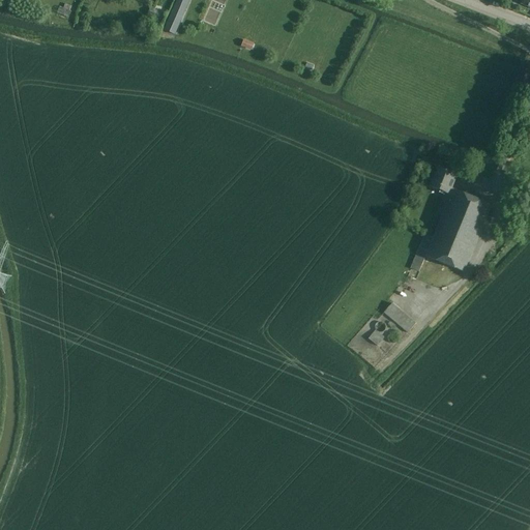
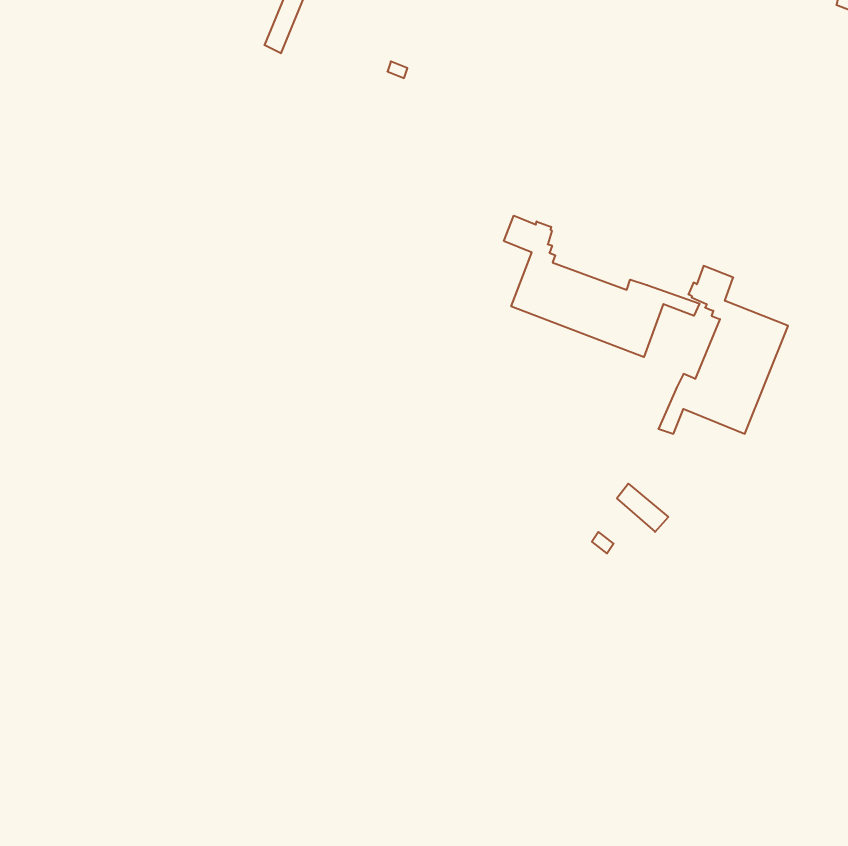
building: none -> [504,216,700,357]

